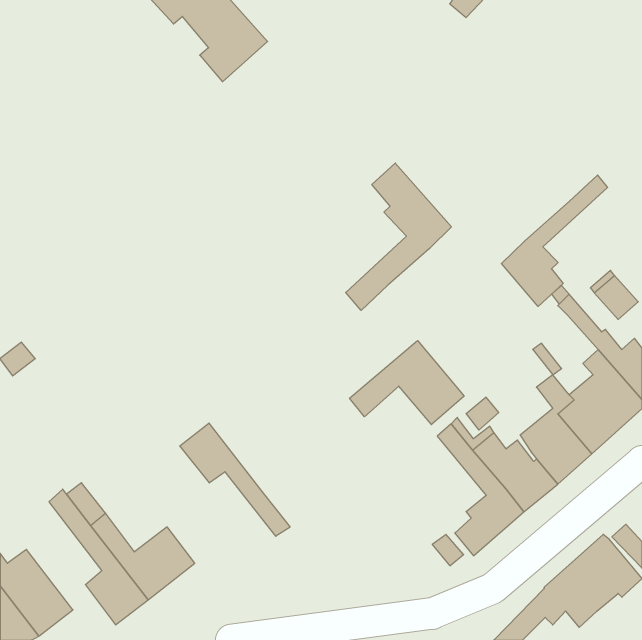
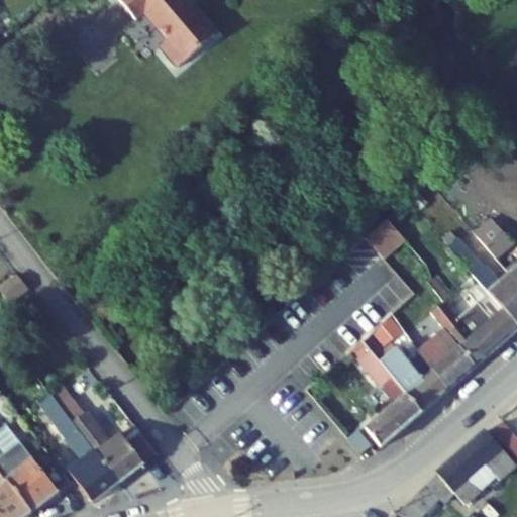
building: [346,163,451,310] -> none
building: [501,175,608,306] -> none
building: none -> [364,217,404,257]
building: [350,341,464,425] -> none
building: [180,423,290,536] -> none

